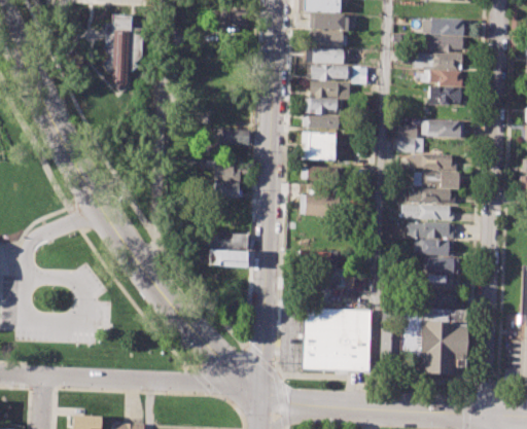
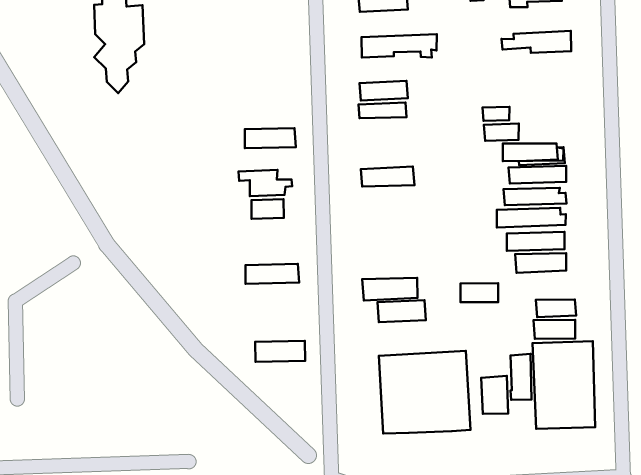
building: [306,47,347,63] -> none
building: [433,52,463,68] -> none
building: [309,81,351,98] -> none
building: [429,86,466,105] -> none
building: [422,118,465,137] -> none
building: [301,132,349,158] -> none
building: [300,193,340,215] -> none
building: [208,250,247,267] -> [255,341,305,362]
building: [427,256,457,273] -> [460,283,498,302]

